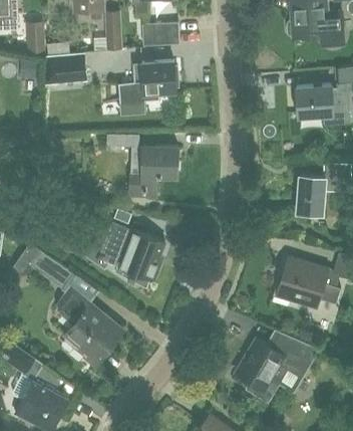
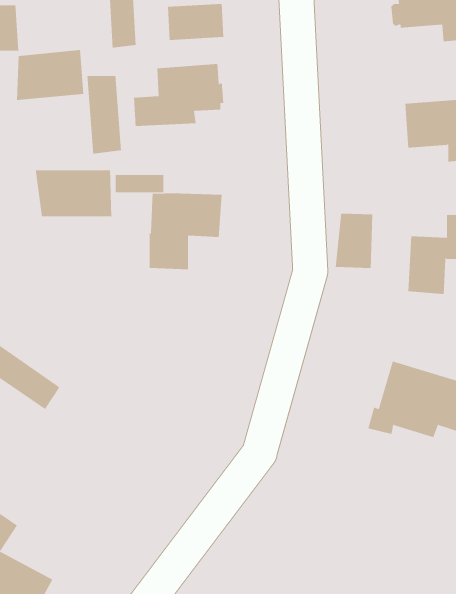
building: none -> [87,75,121,155]
building: none -> [35,169,112,217]
building: none -> [335,213,373,269]
building: [98,223,163,287] -> none
building: [56,286,122,361] -> none
building: [236,338,316,400] -> none

